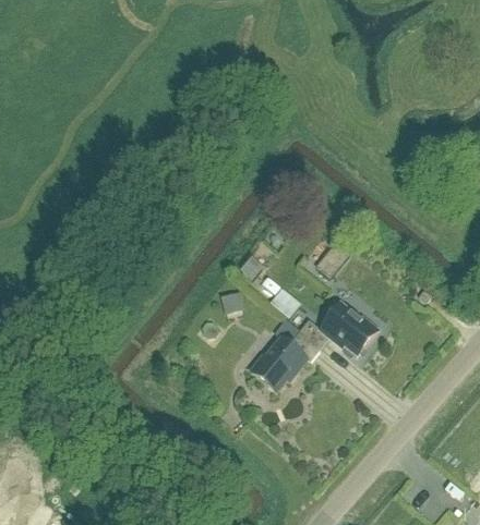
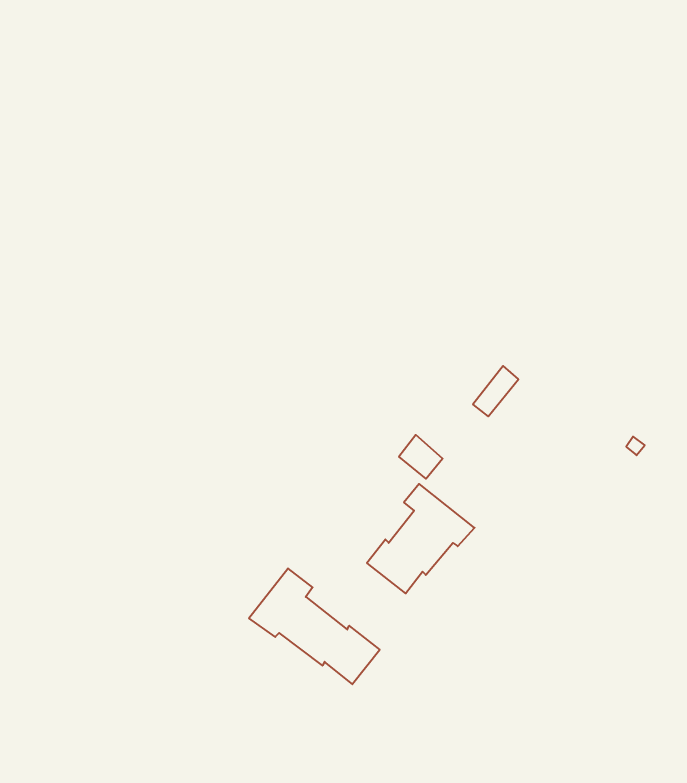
building: [298,303,376,354] -> none
building: none -> [249,568,380,684]

